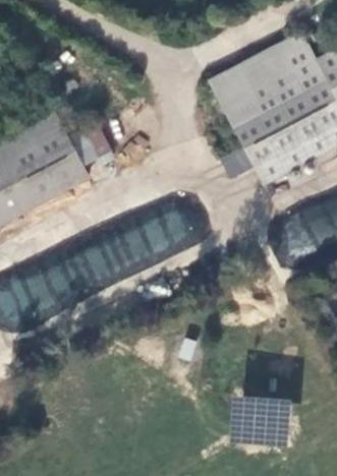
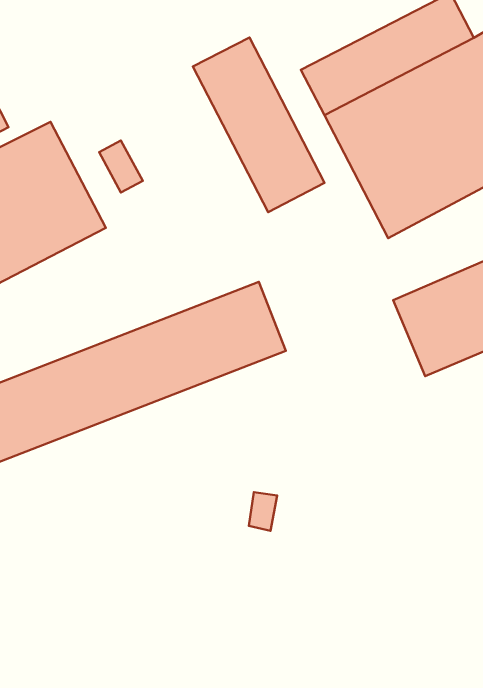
building: none -> [193,37,325,212]
building: [229,394,289,447] -> none

